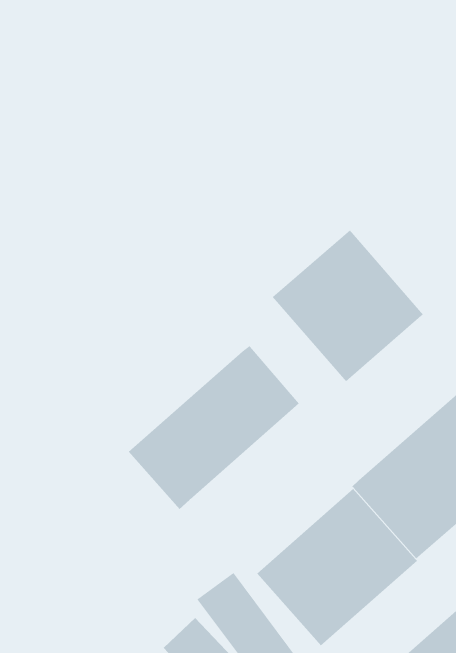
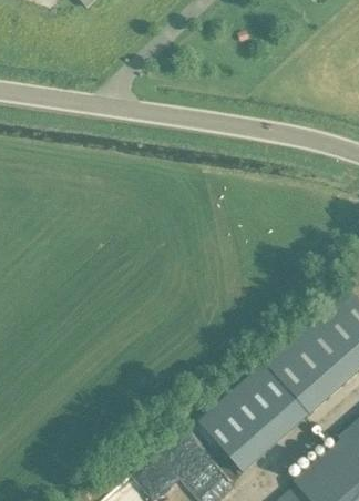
building: [272,229,424,382] -> none
building: [128,345,299,510] -> none

